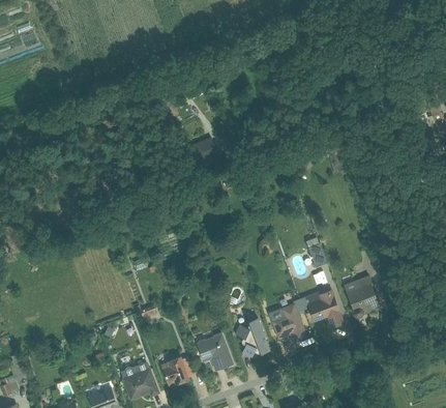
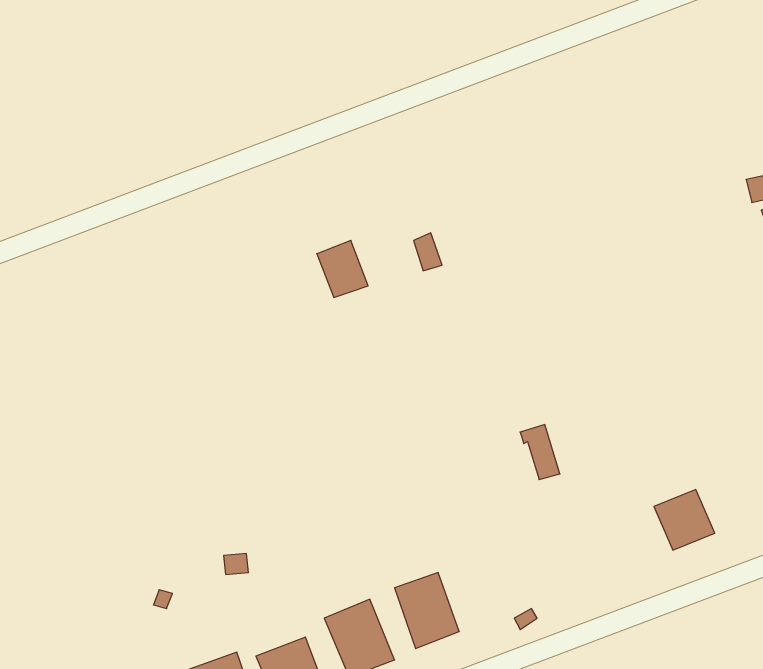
building: [344,276,377,310] -> [654,490,715,550]
building: [307,290,339,320] -> none
building: [270,303,304,336] -> none

